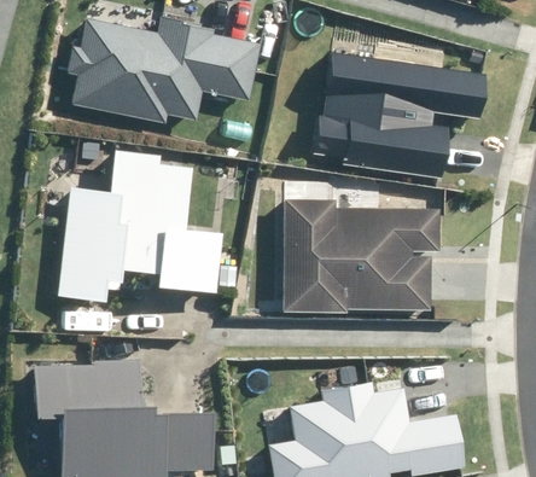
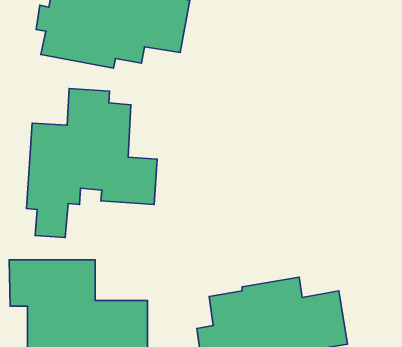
building: [320,53,485,176] -> none
building: [281,200,441,318] -> none

